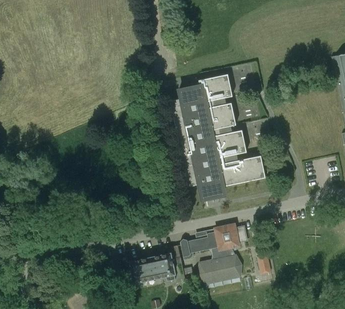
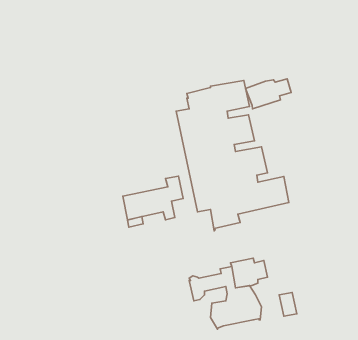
building: none -> [246,79,291,109]
building: [132,244,183,281] -> [123,176,183,220]

